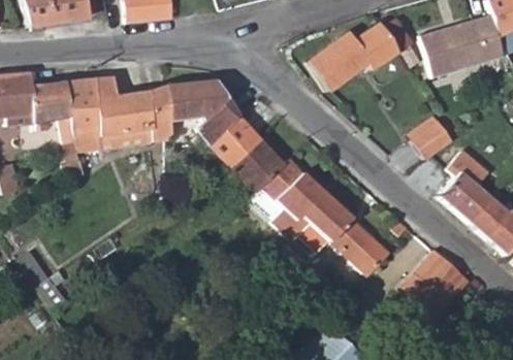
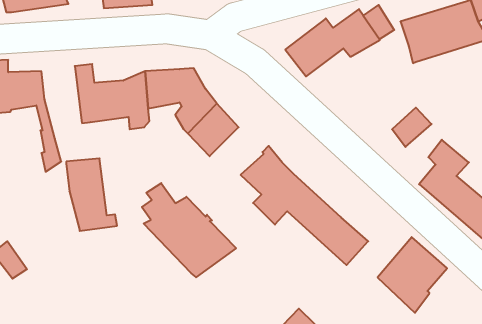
building: [65,78,116,151] -> [66,158,117,231]
building: [232,139,286,193] -> none
building: none -> [142,183,236,277]

